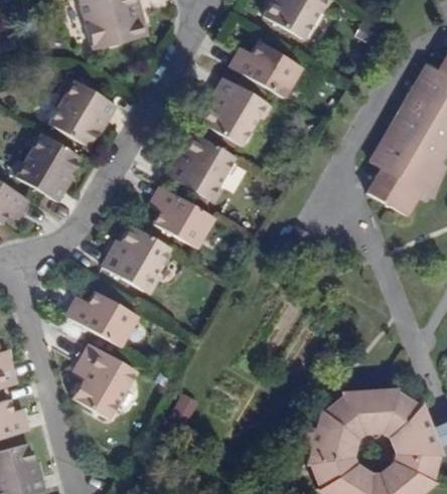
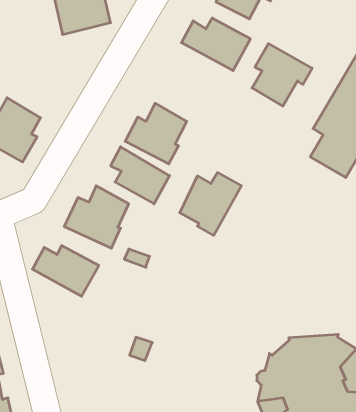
building: [203,72,270,142] -> [252,44,312,106]
building: [48,73,118,145] -> none
building: none -> [180,173,241,235]
building: [70,345,134,418] -> none

